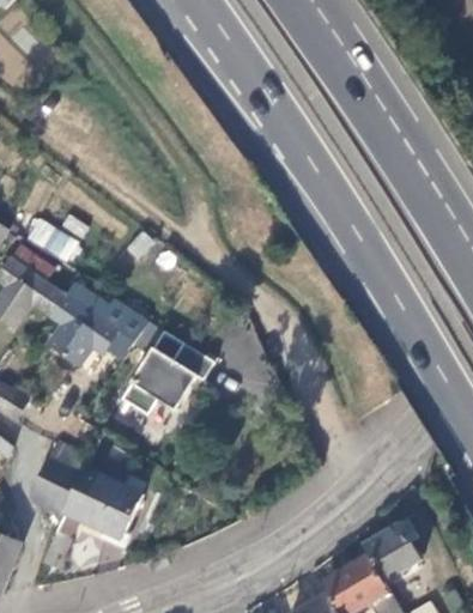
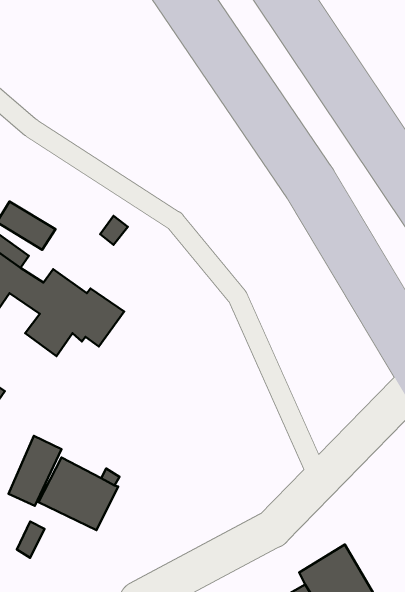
building: [121,329,213,415] -> none
building: [362,518,418,582] -> none

